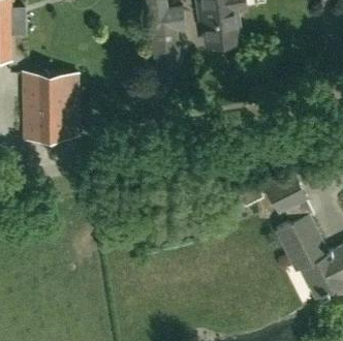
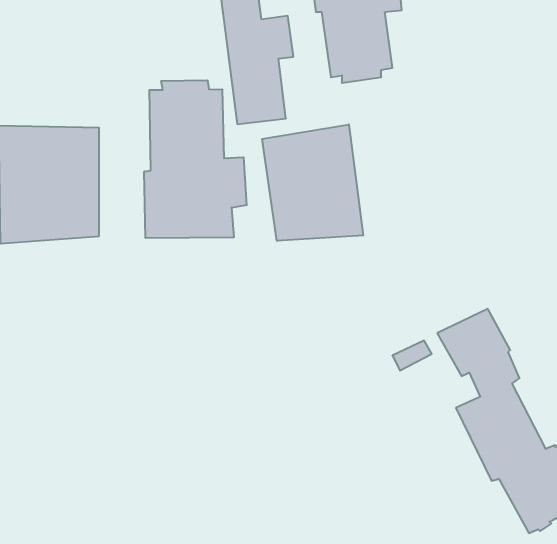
building: none -> [144,80,247,238]
building: none -> [262,124,363,241]

